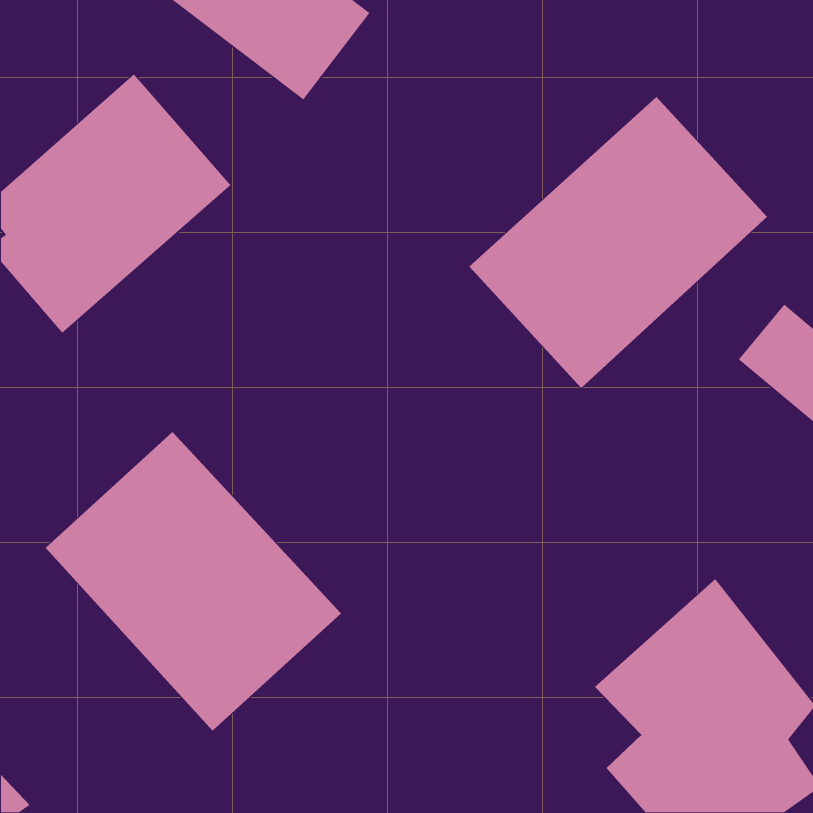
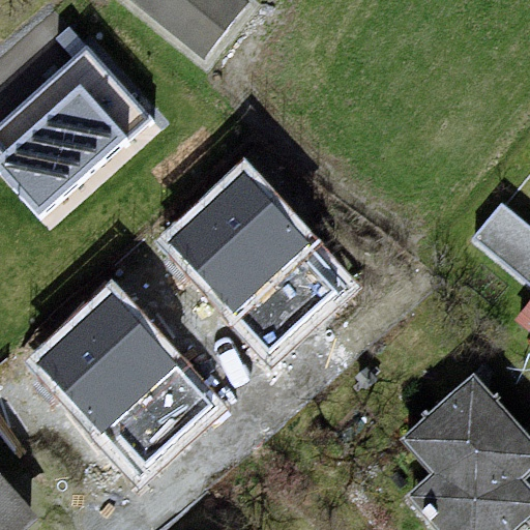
building: [469,96,768,389] -> none
building: none -> [160,160,353,355]

